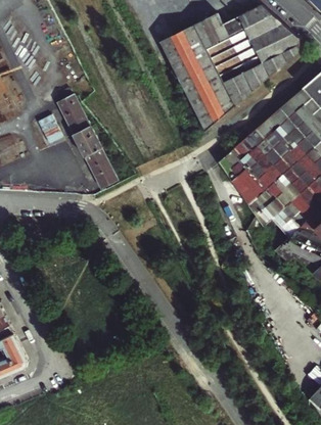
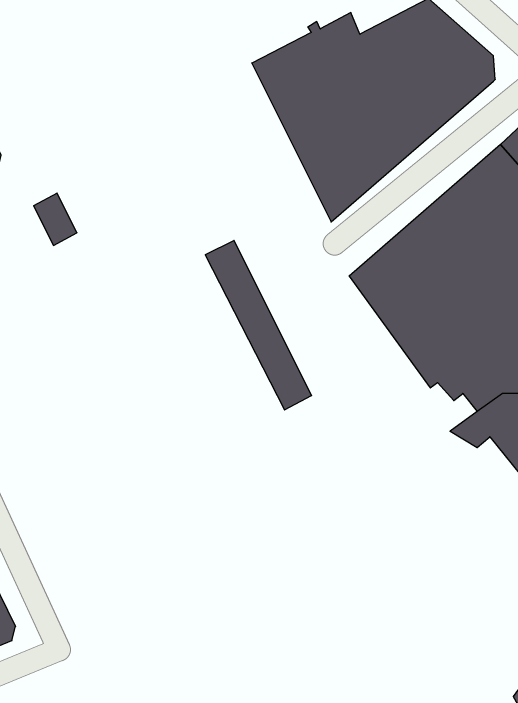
building: [57,95,118,191] -> [205,240,312,410]

